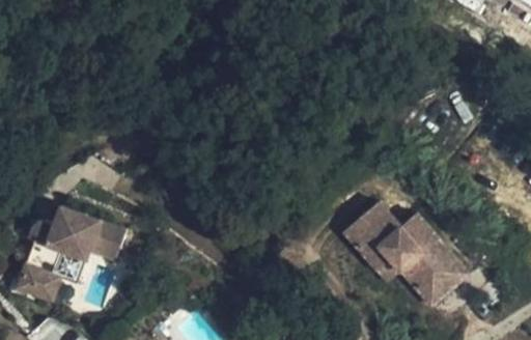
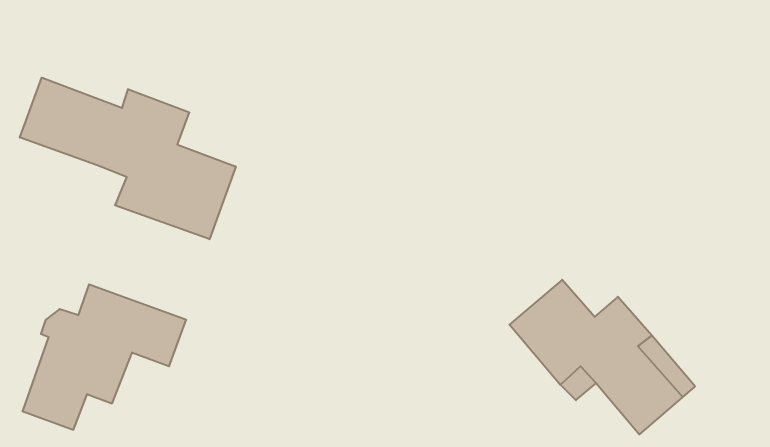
building: none -> [20,78,236,239]

